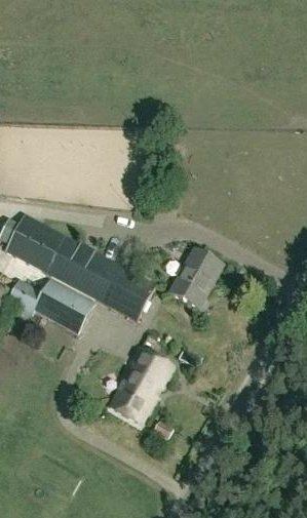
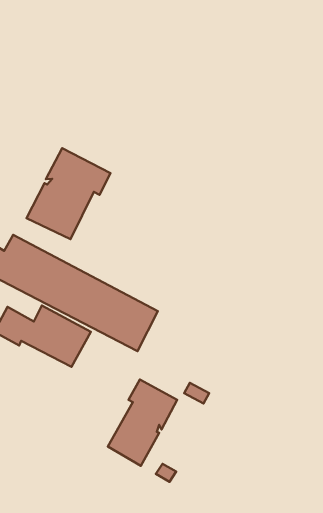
building: none -> [27,148,111,239]
building: [170,248,223,308] -> none

